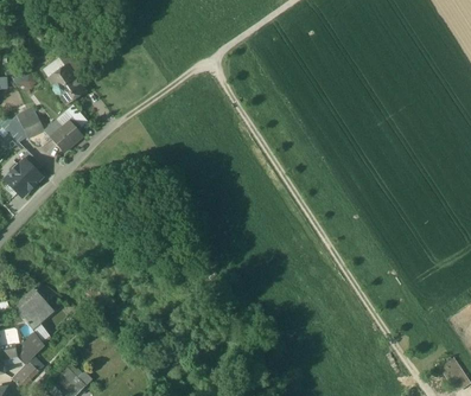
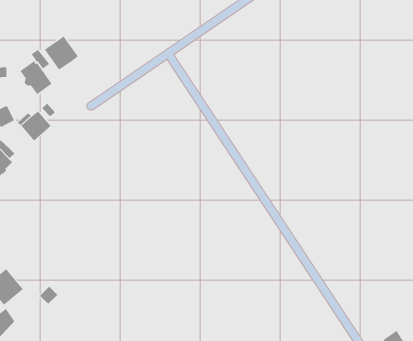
building: none -> [44,35,79,71]

